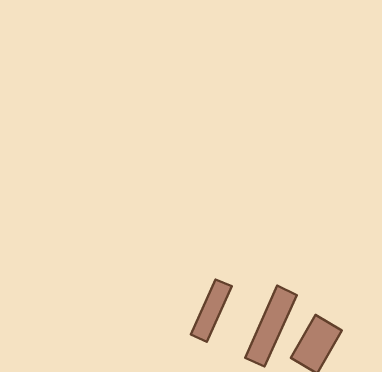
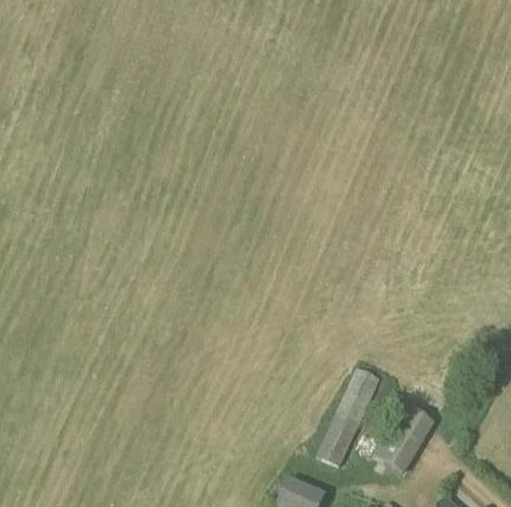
building: [191,280,232,342] -> none

